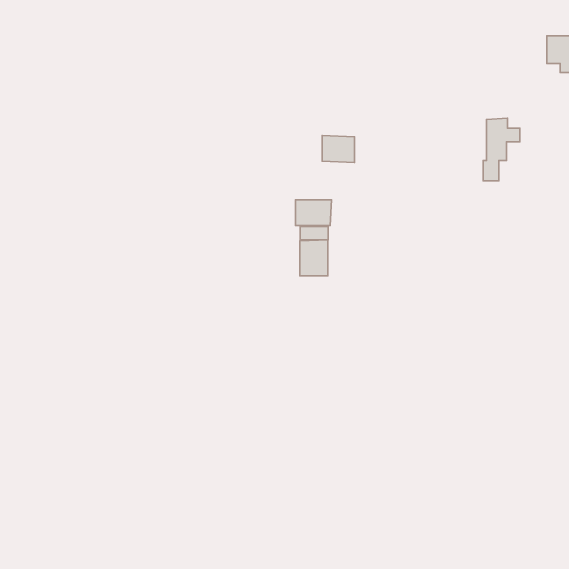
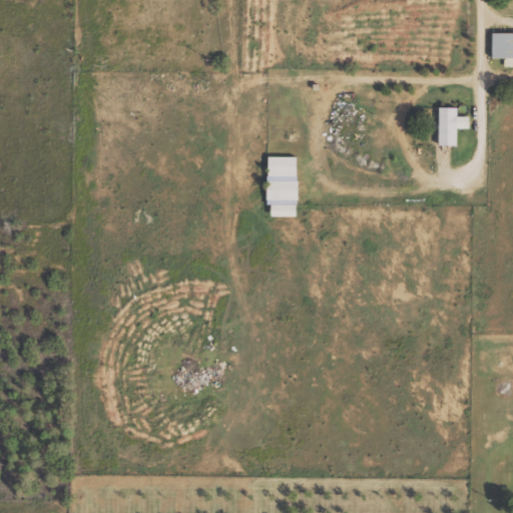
building: [322,136,354,162] -> [268,155,297,179]
building: [300,240,328,276] -> none

